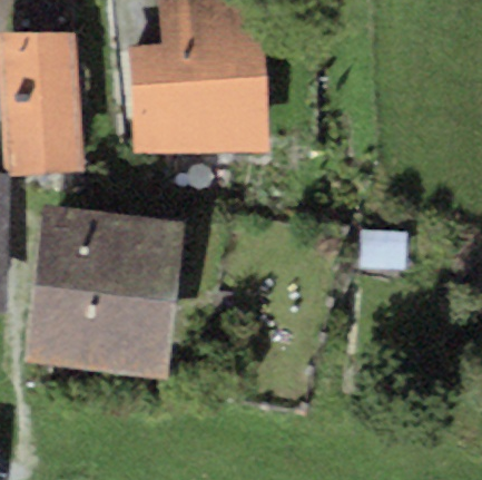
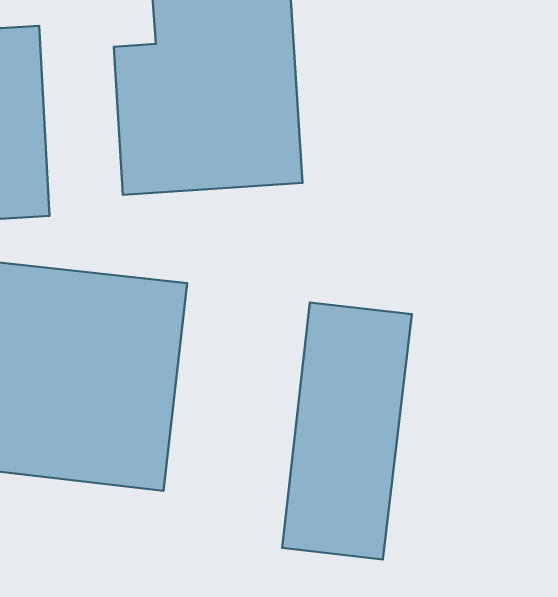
building: none -> [282,302,412,560]

